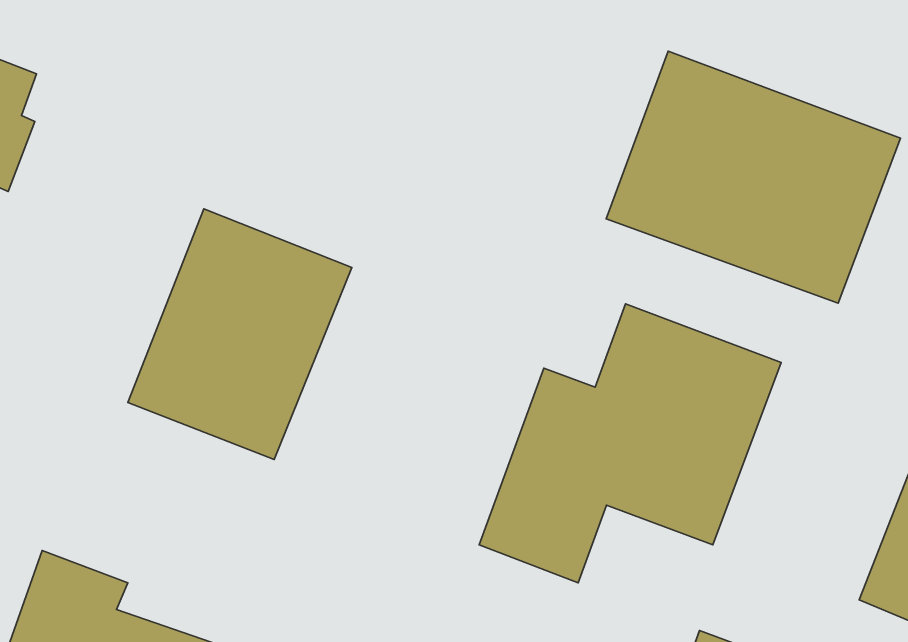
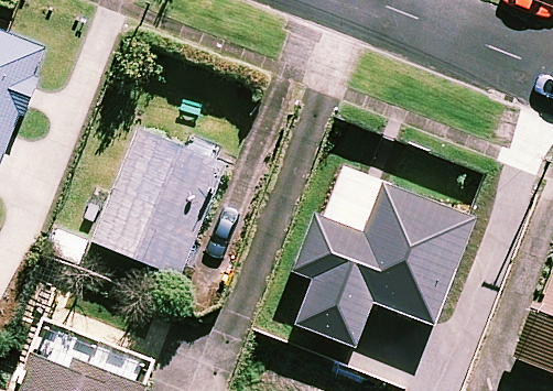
building: [606,51,900,303] -> none

